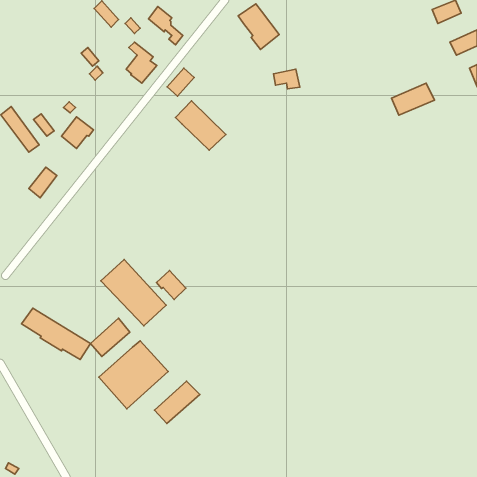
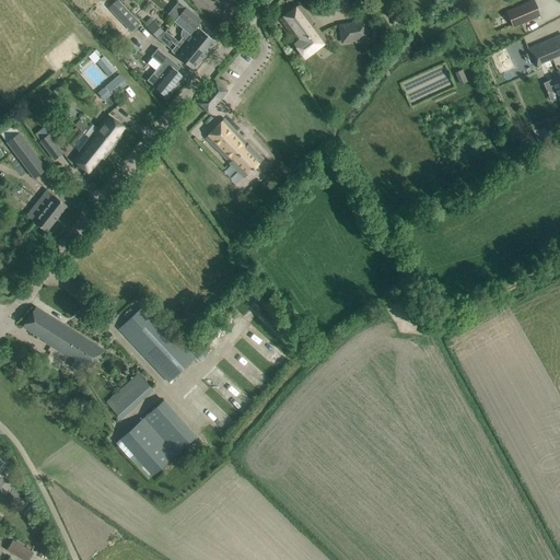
building: none -> [171,35,206,69]
building: [274,69,300,89] -> [339,20,370,43]
building: [391,83,434,115] -> [402,66,453,103]
building: none -> [90,115,127,152]
building: [156,270,186,300] -> none
building: [21,308,91,359] -> [22,307,103,368]
building: [155,381,200,424] -> none

